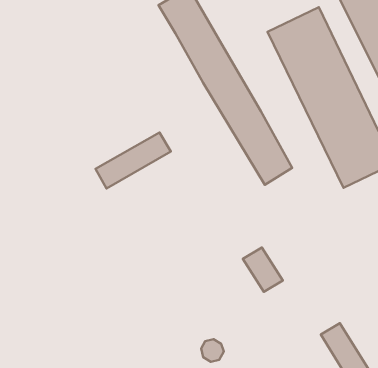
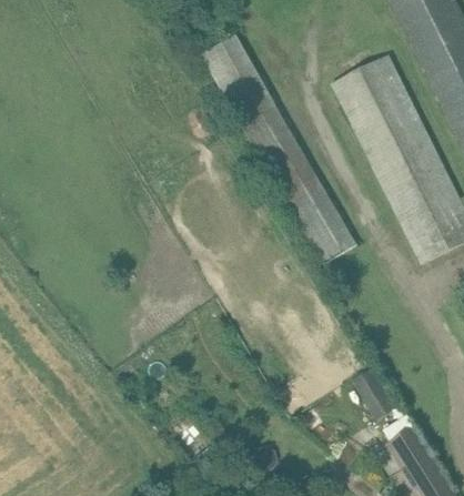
building: [96,132,171,189] -> none
building: [243,247,283,292] -> [353,366,400,418]

